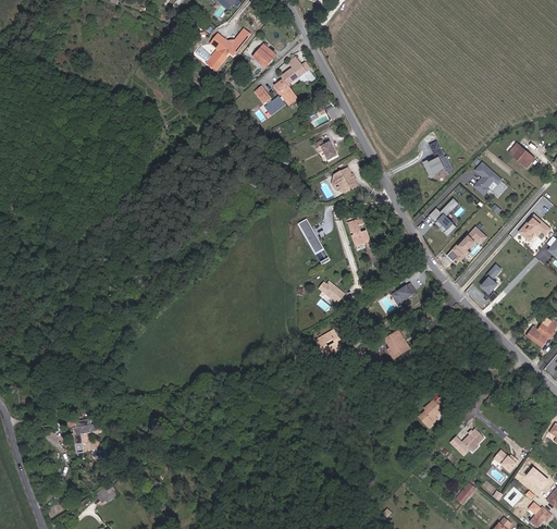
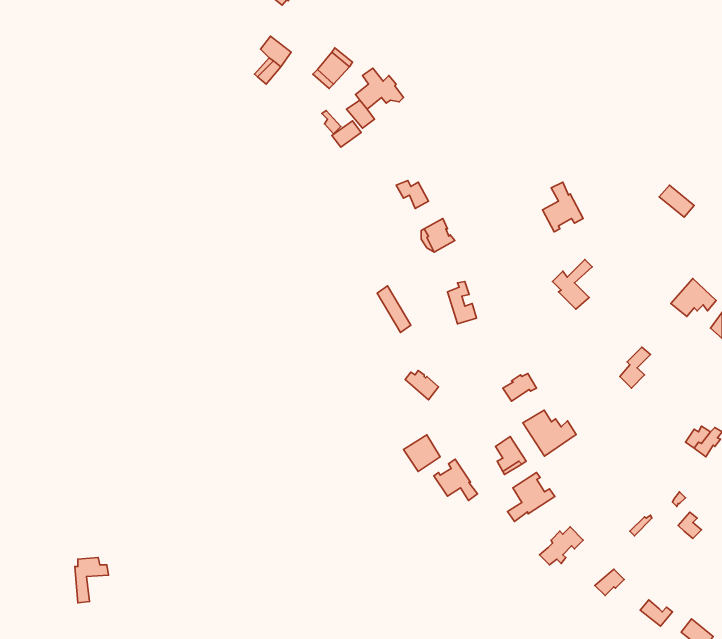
building: [471,160,503,196] -> none
building: [445,225,486,263] -> none
building: none -> [523,410,576,456]
building: none -> [434,459,477,500]
building: none -> [507,472,555,522]

